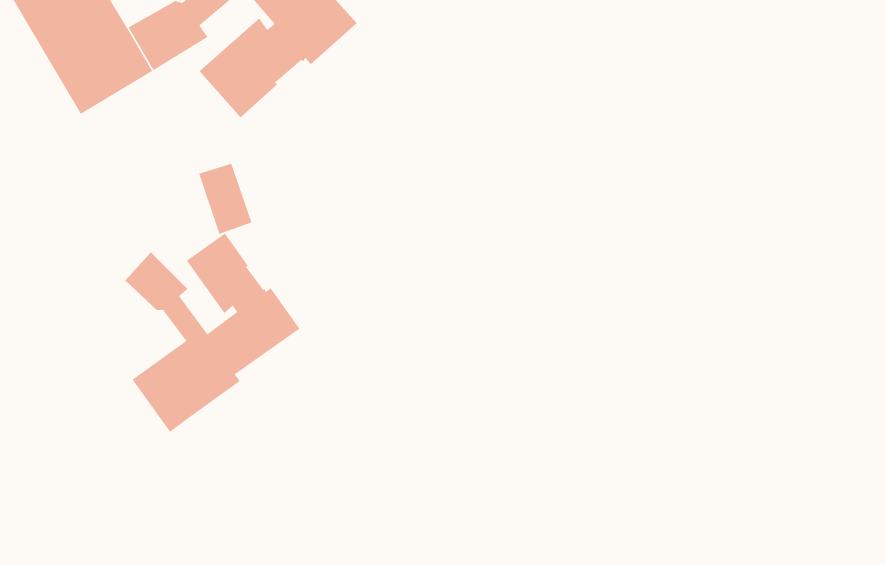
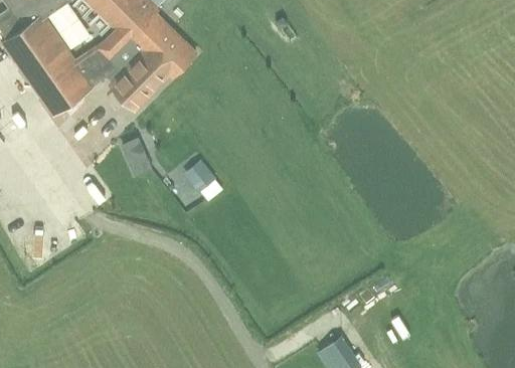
building: none -> [185,161,222,201]
building: [124,233,300,433] -> none

